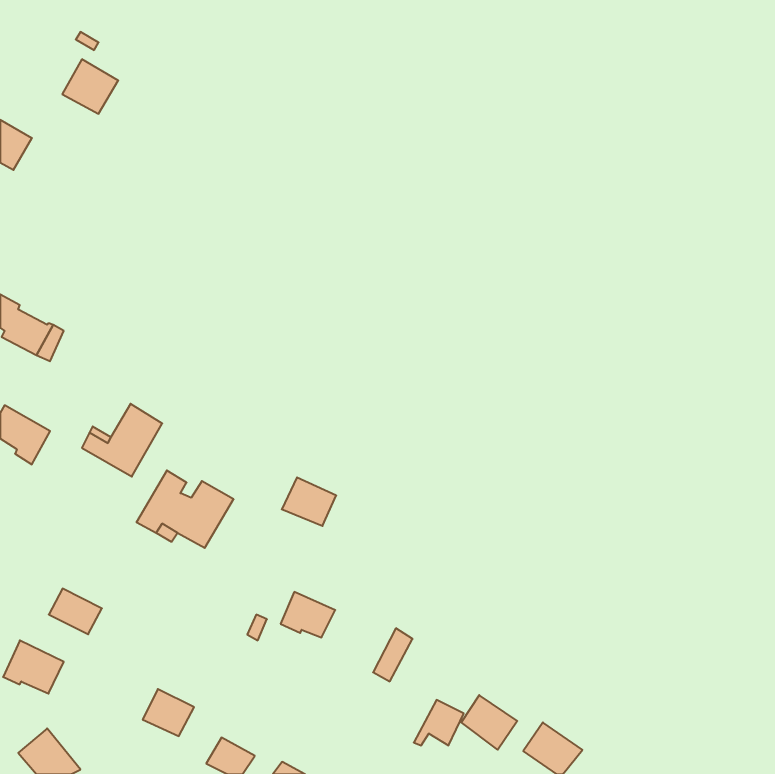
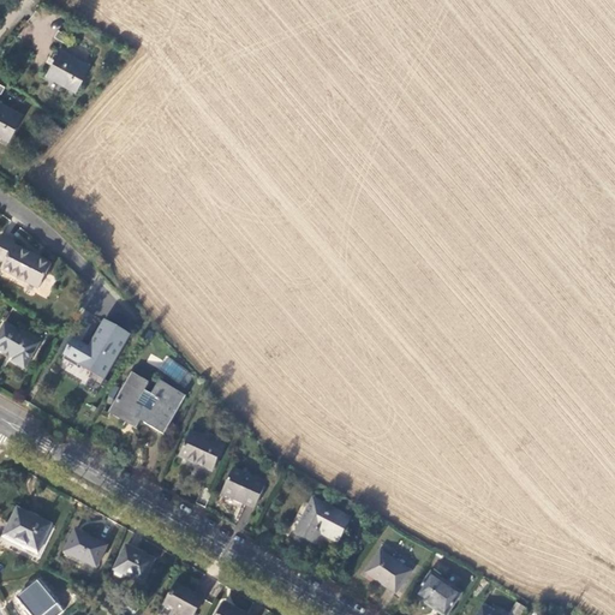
building: [282,477,336,526] -> [179,431,222,470]
building: [49,589,102,634] -> [64,530,106,566]
building: [414,700,464,745] -> [309,506,348,542]

